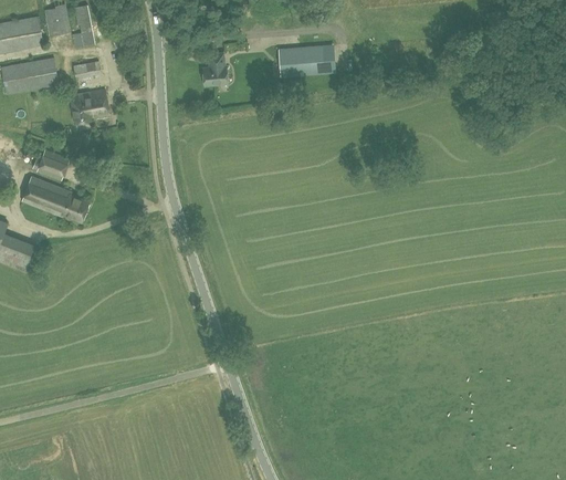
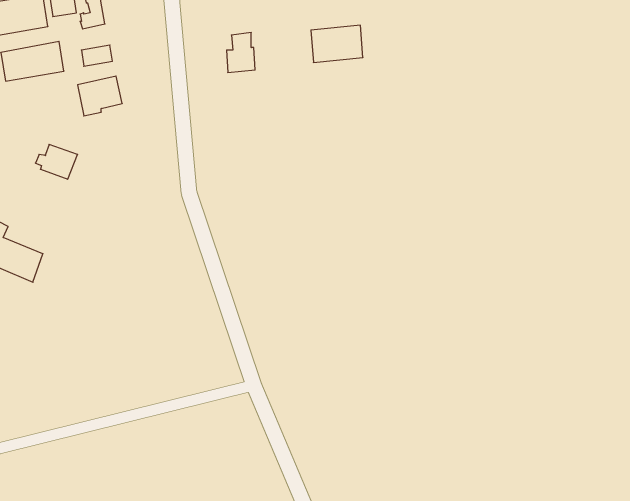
building: [21,176,88,221] -> none

